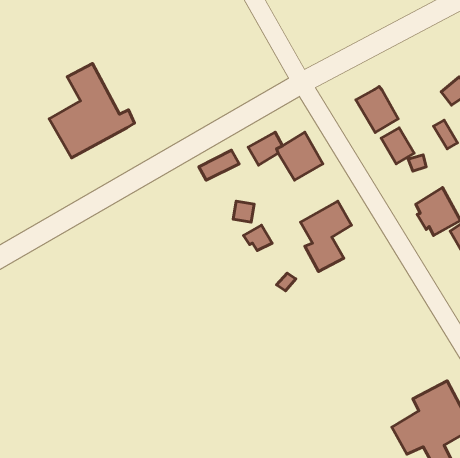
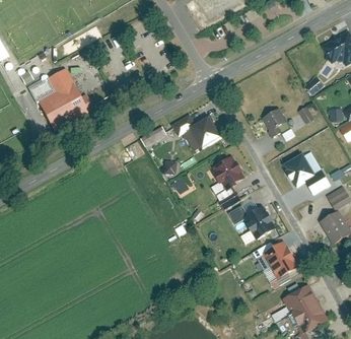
building: [356,86,398,132] -> none
building: none -> [229,205,275,236]
building: none -> [256,241,294,286]

